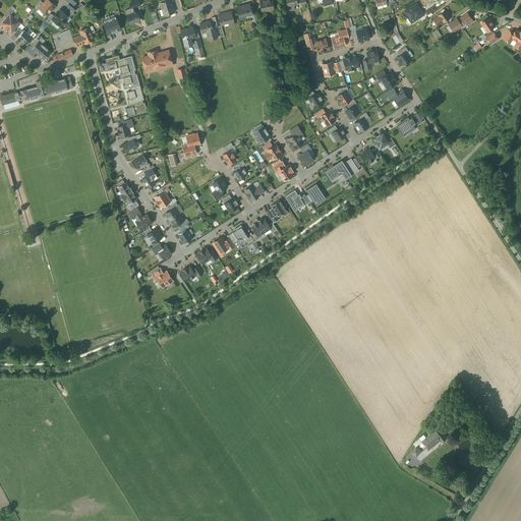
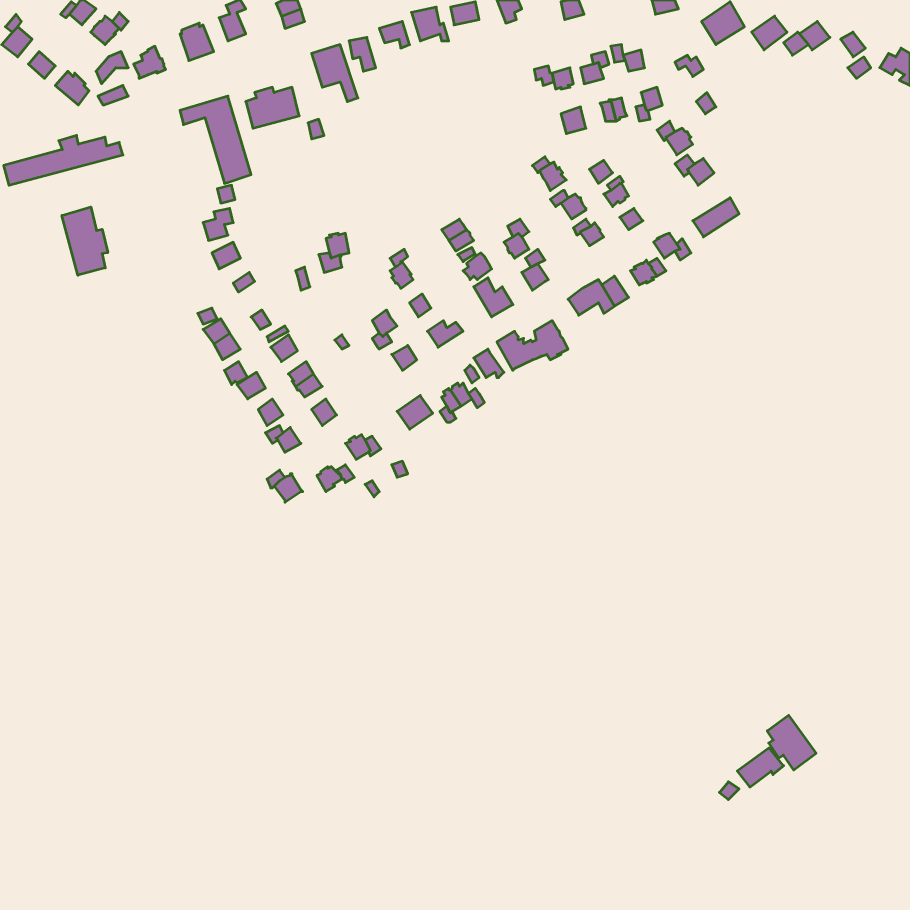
building: none -> [62,207,108,275]
building: none -> [767,715,816,770]

